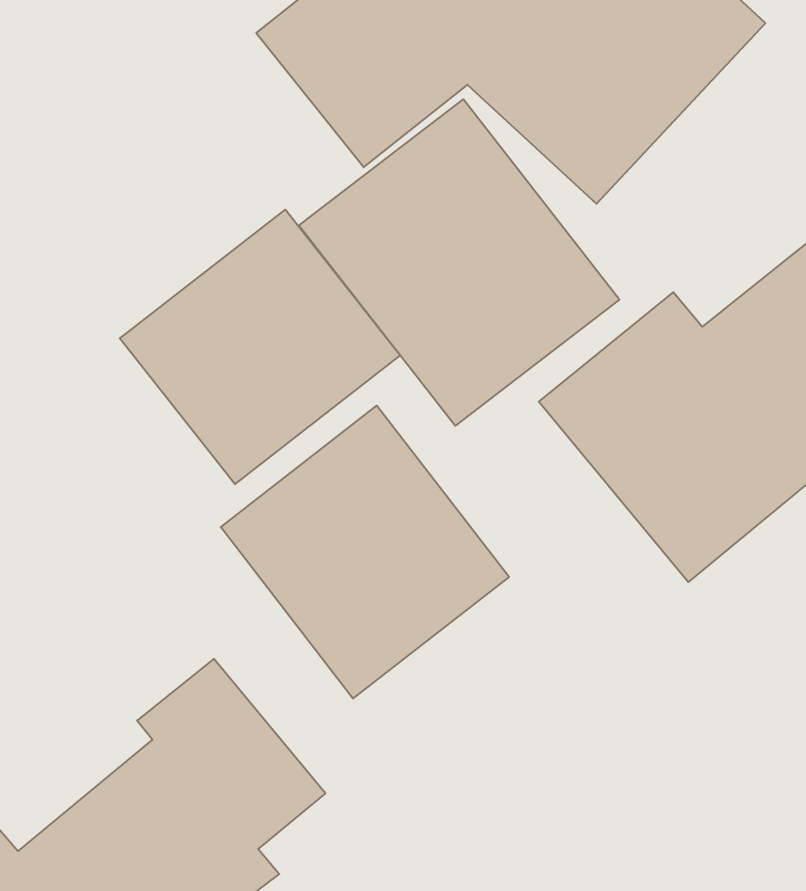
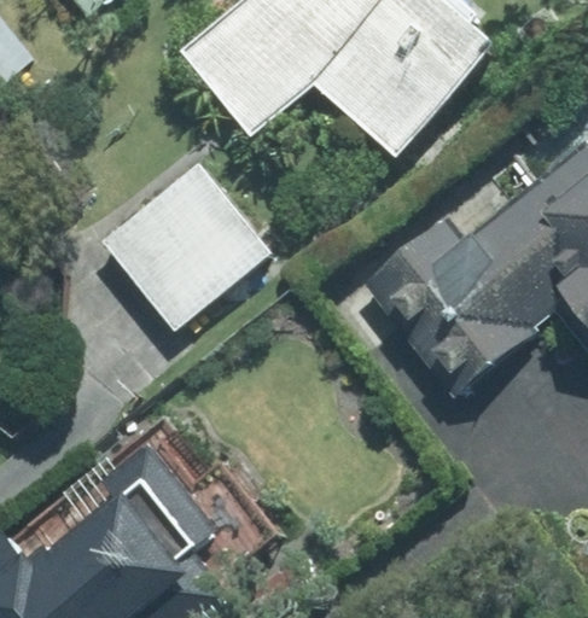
building: [299,99,619,426] -> none
building: [221,406,509,699] -> none

